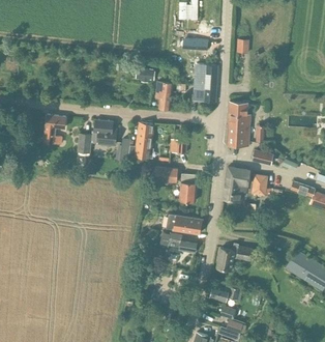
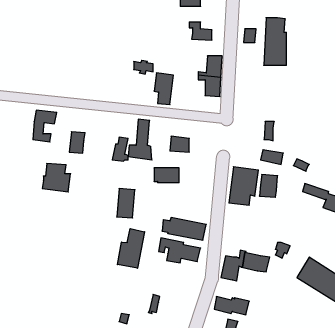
building: [228,102,248,145] -> [264,18,286,65]
building: [91,119,117,145] -> [42,164,71,192]
building: [181,173,198,200] -> [117,189,135,218]
building: none -> [117,229,145,268]

